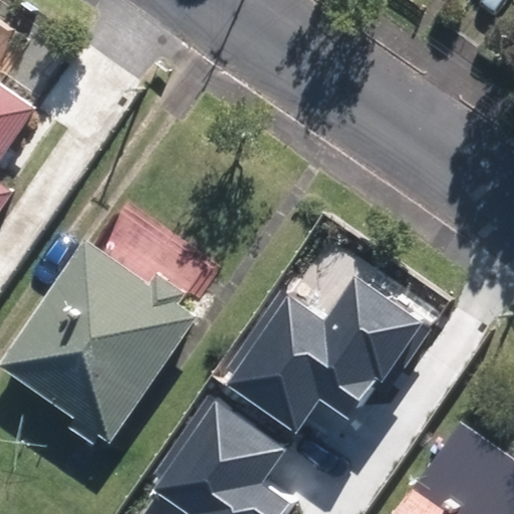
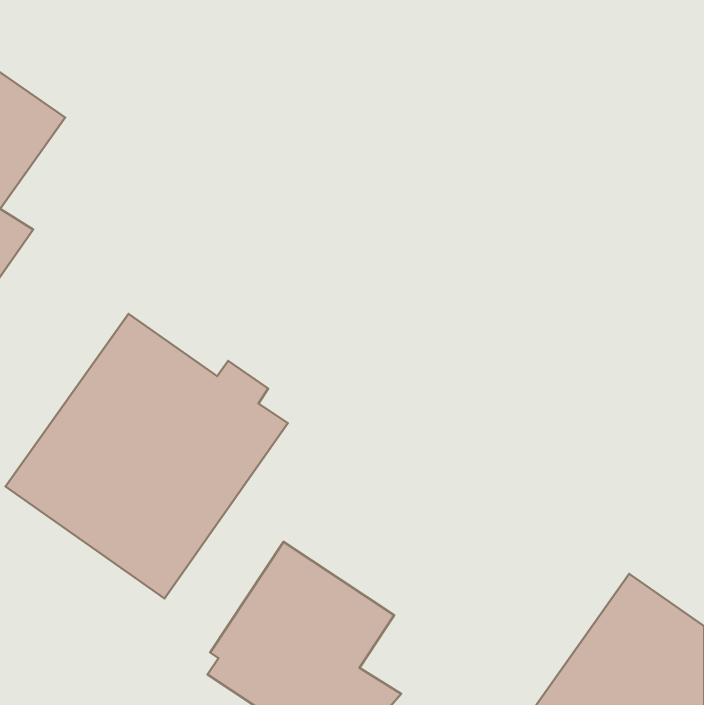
building: [223,279,415,435] -> none

